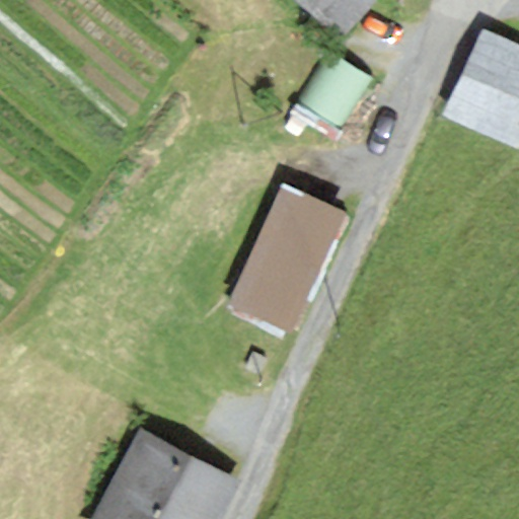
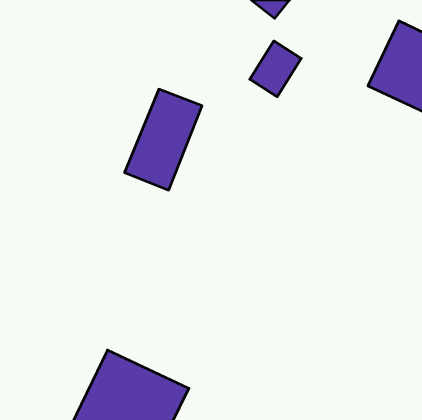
building: [233,197,327,319] -> [125,89,202,190]

